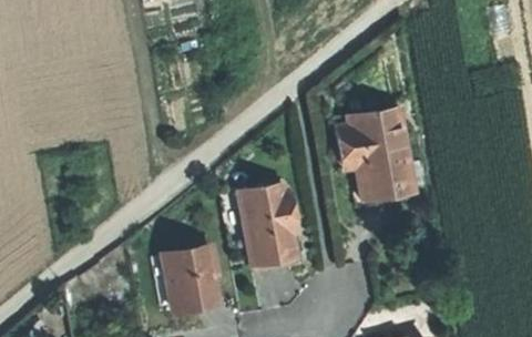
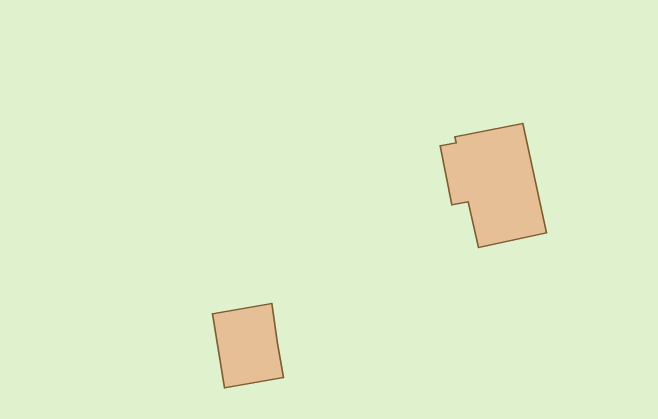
building: [242,184,299,264] -> none

